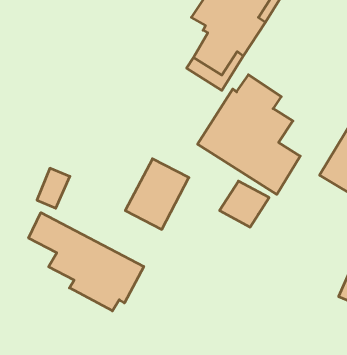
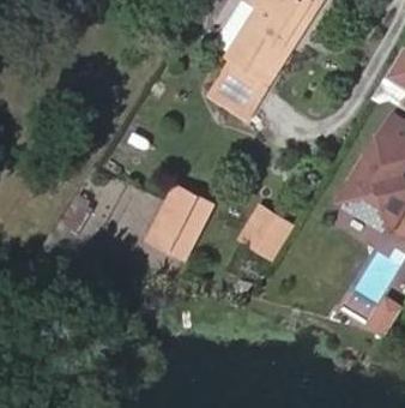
building: [198,75,300,194] -> none
building: [29,213,144,311] -> none

